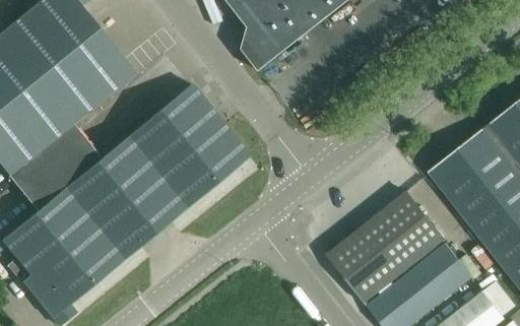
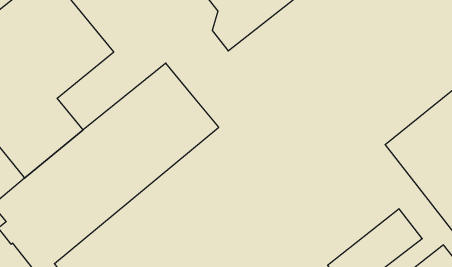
building: [326,191,444,301] -> none

